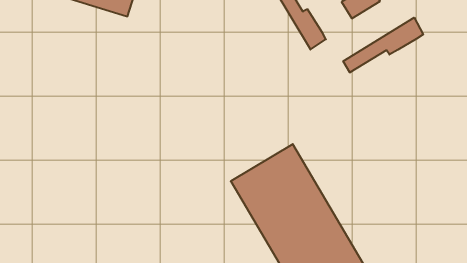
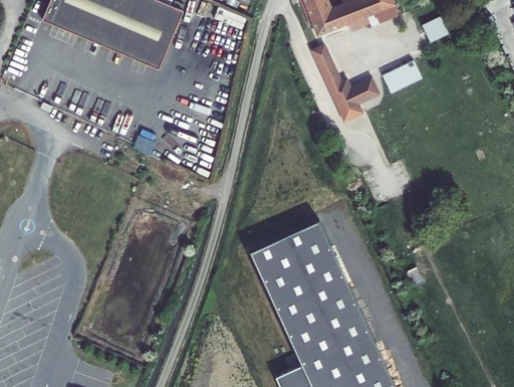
building: none -> [349,77,379,106]
building: [343,18,423,73] -> none

